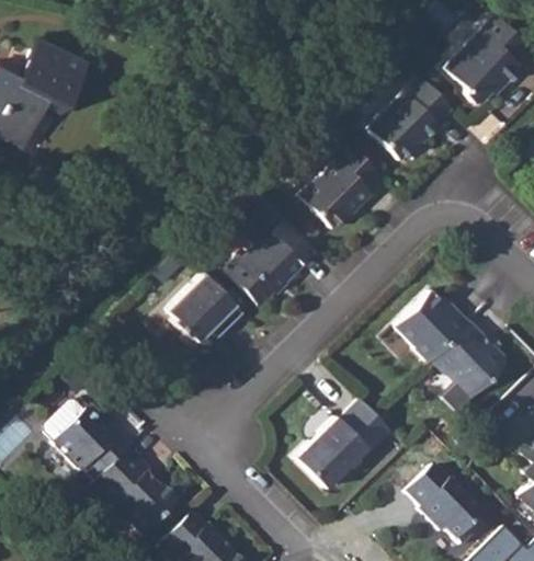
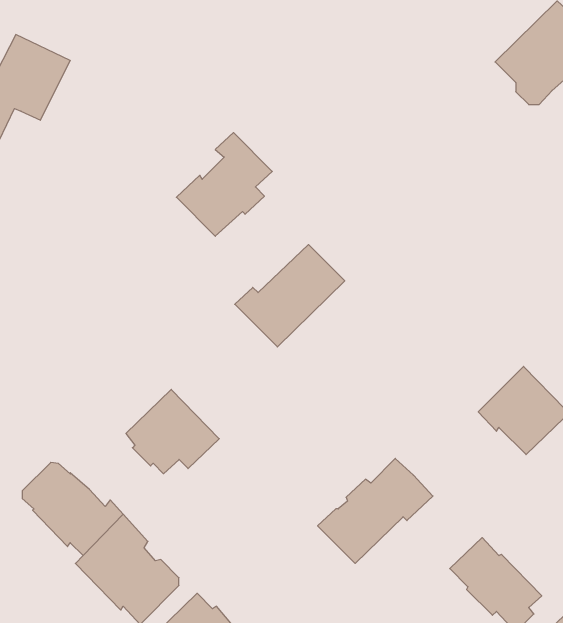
building: [368,76,453,159] -> none
building: [300,141,382,229] -> [176,133,272,236]
building: [167,272,246,343] -> [126,389,219,474]
building: [396,291,469,362] -> none

